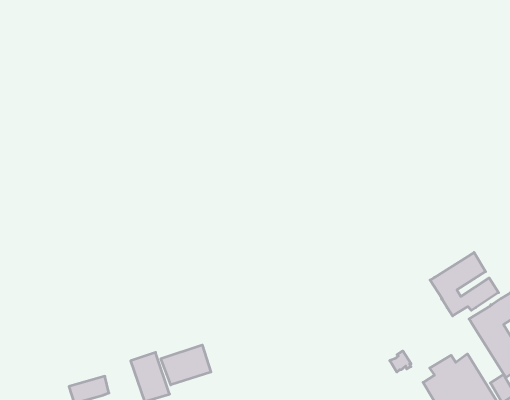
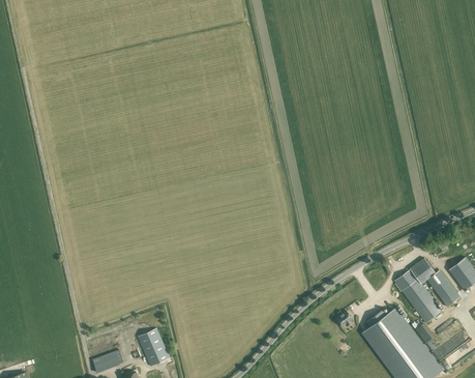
building: [430,252,499,316] -> none
building: [161,345,211,385] -> none

